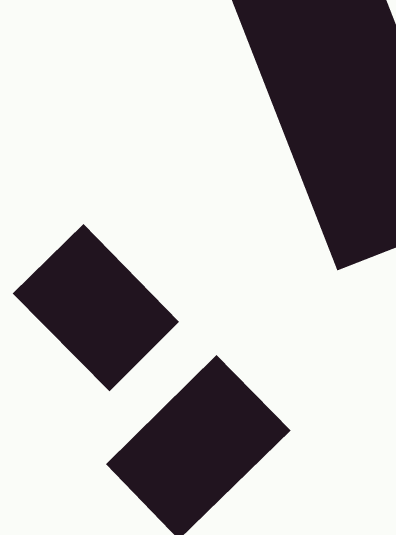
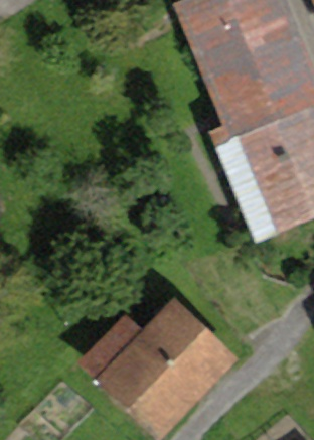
building: [12,223,180,392] -> none

